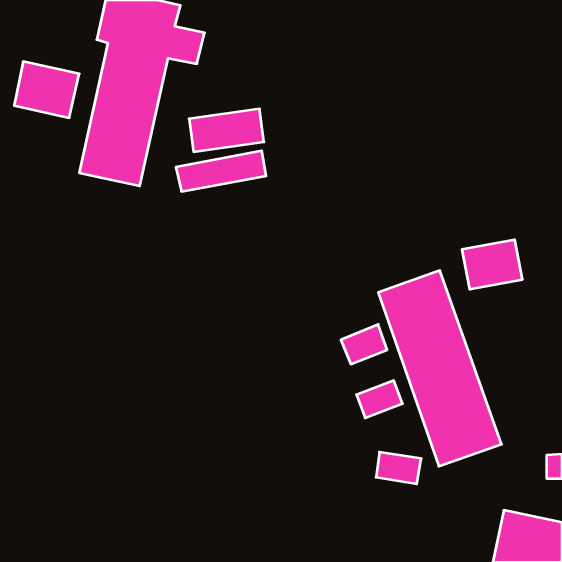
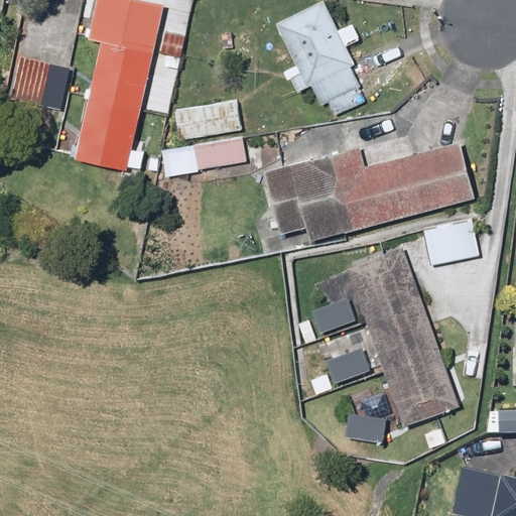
building: none -> [278,4,365,114]
building: none -> [263,140,477,244]

